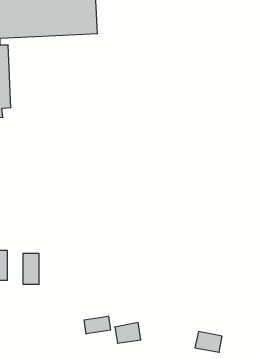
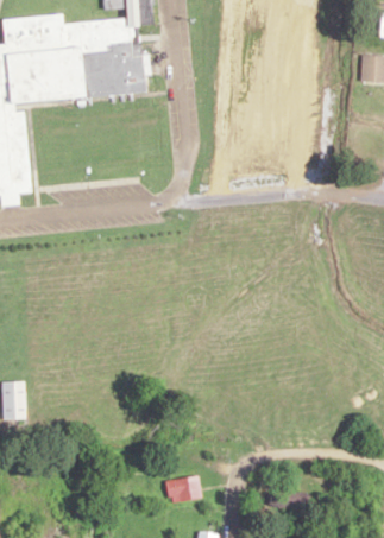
building: [23,253,39,284] -> none
building: [84,316,111,334] -> none

